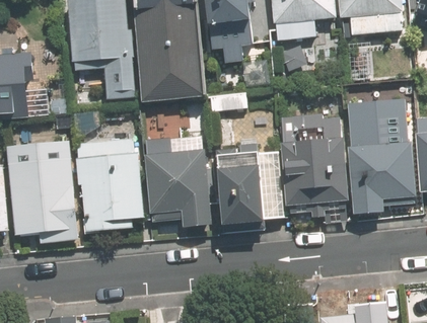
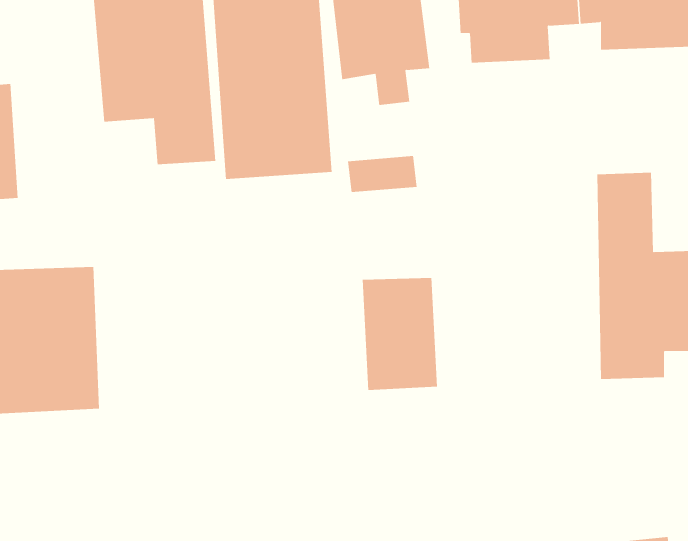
building: [284,111,345,207] -> none
building: [146,137,209,228] -> none
building: [76,141,144,231] -> none

